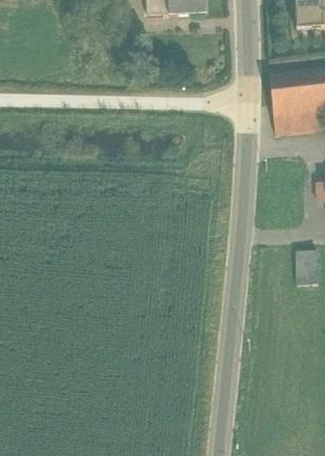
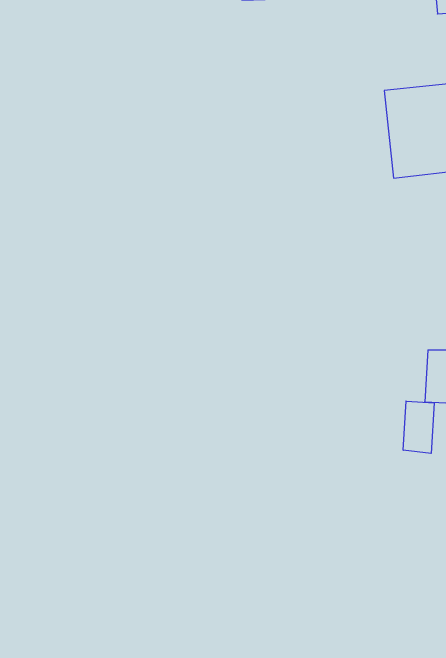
building: none -> [403,401,434,453]

